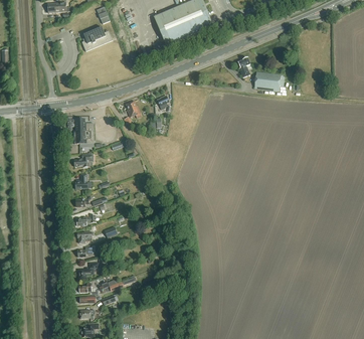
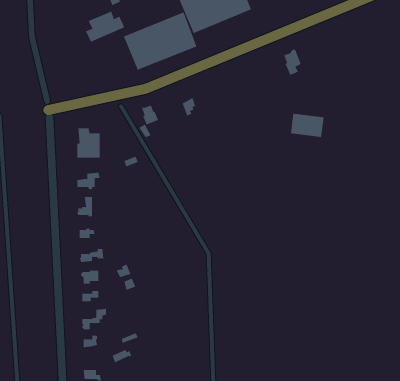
building: none -> [123,12,197,70]
building: [253,70,281,90] -> [290,113,324,137]

